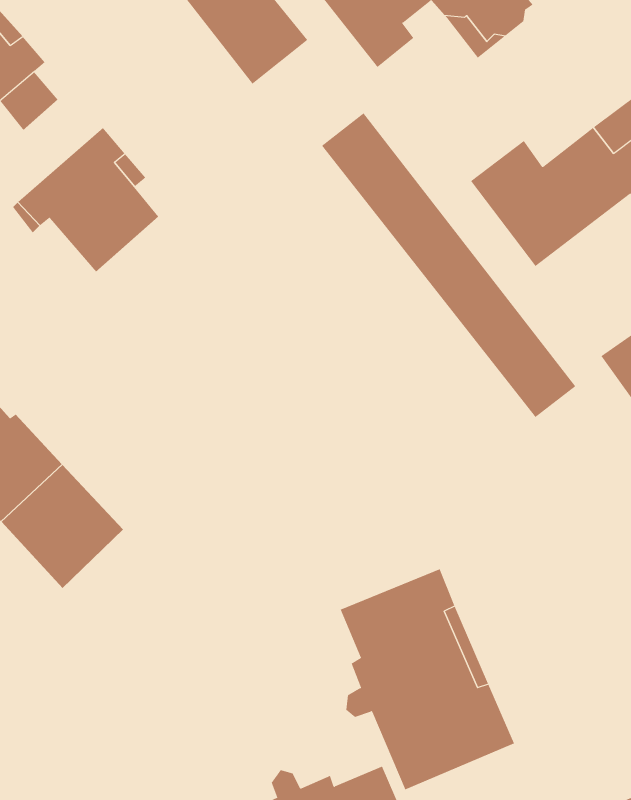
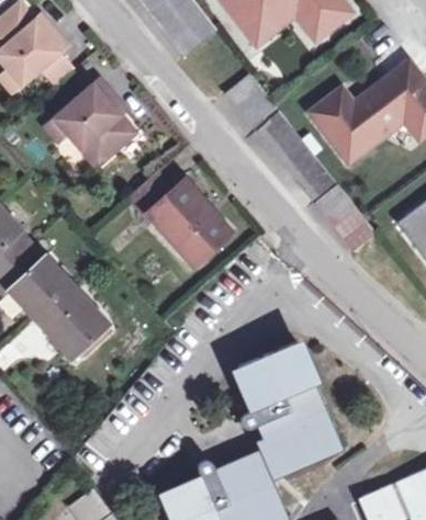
building: none -> [125,173,228,268]

